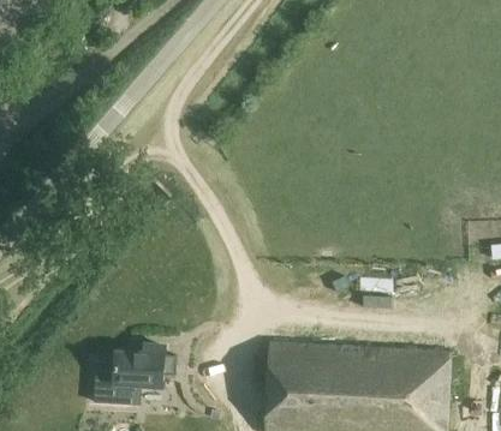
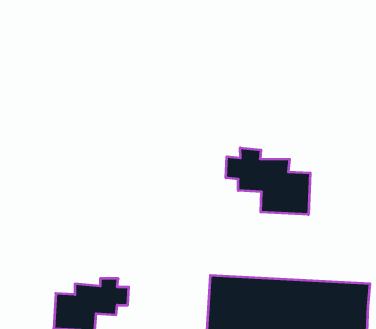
building: none -> [226,148,310,215]

